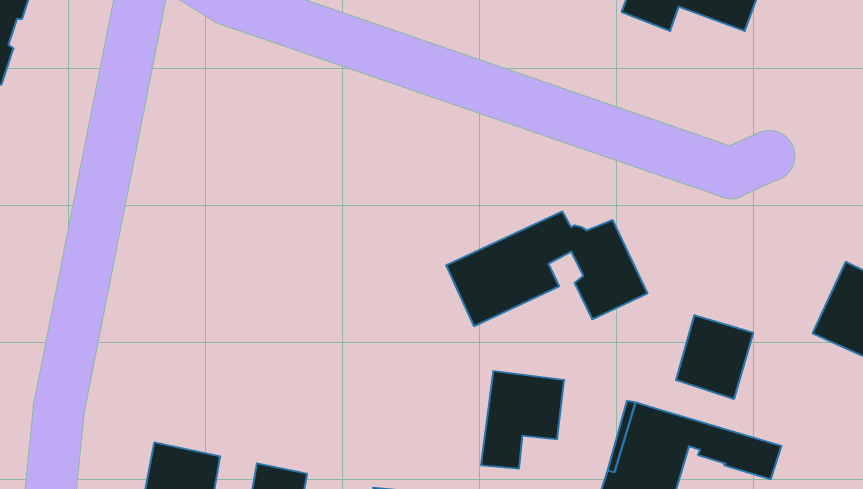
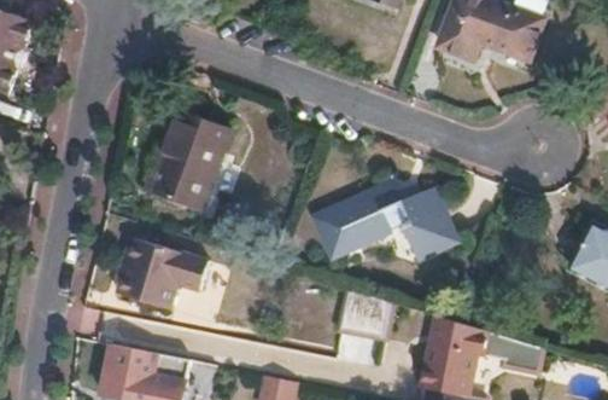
building: none -> [146,112,230,208]
building: none -> [121,239,212,308]
building: [676,315,753,399] -> none

